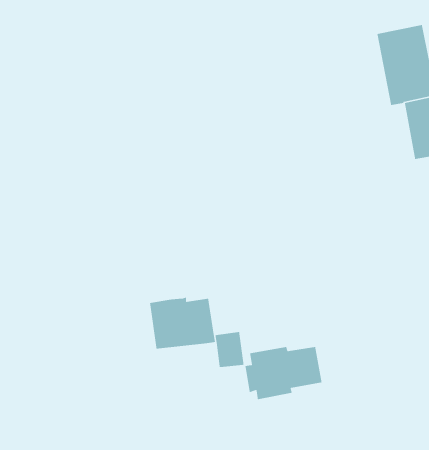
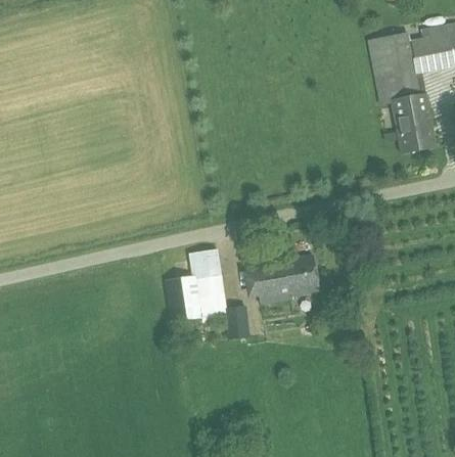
building: none -> [192,248,222,278]
building: [244,346,323,400] -> [249,256,319,304]

